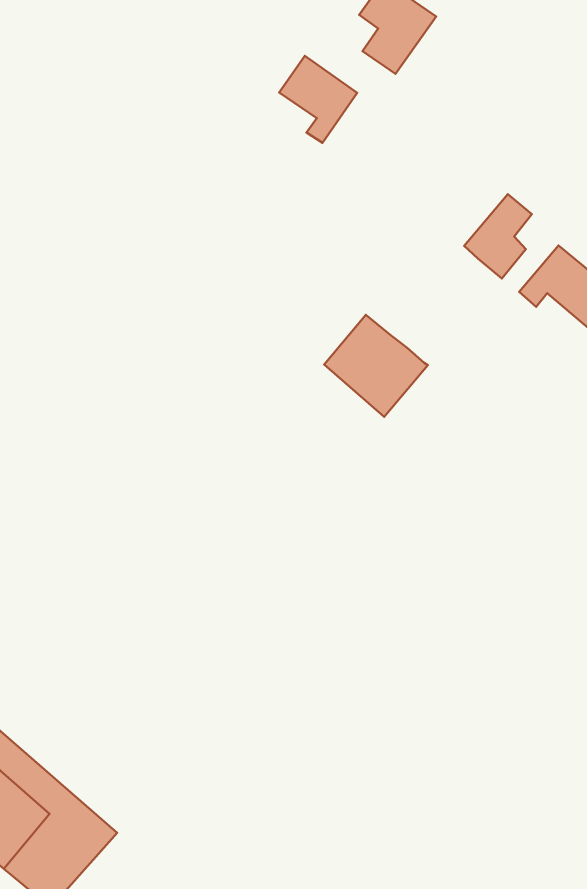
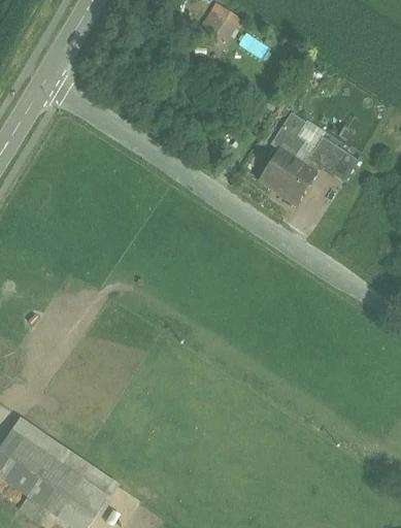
building: [279,56,357,143] -> none
building: [324,315,428,417] -> [260,148,316,203]

